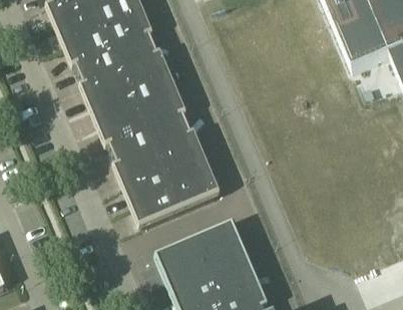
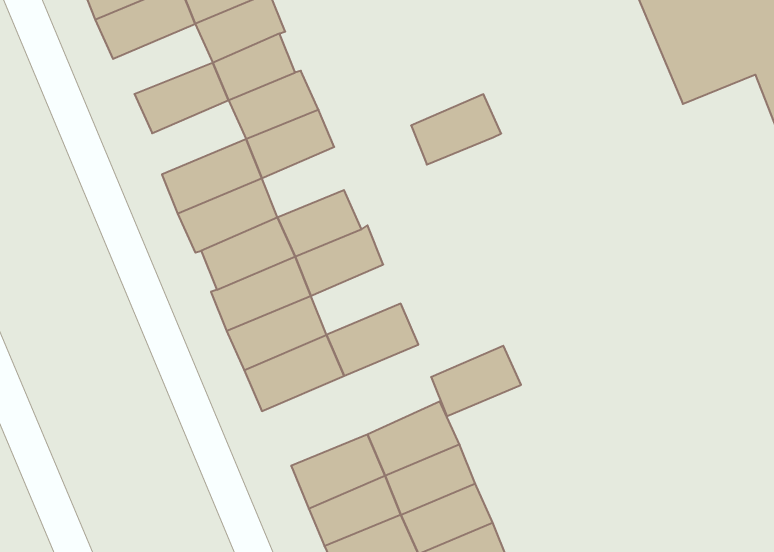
building: [62,25,113,63] -> none
building: [78,64,130,102] -> none
building: [138,88,184,124] -> [411,94,501,165]
building: [163,148,210,185] -> [431,346,521,416]

